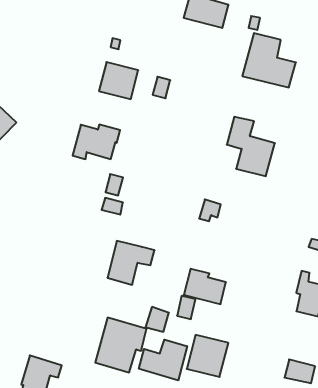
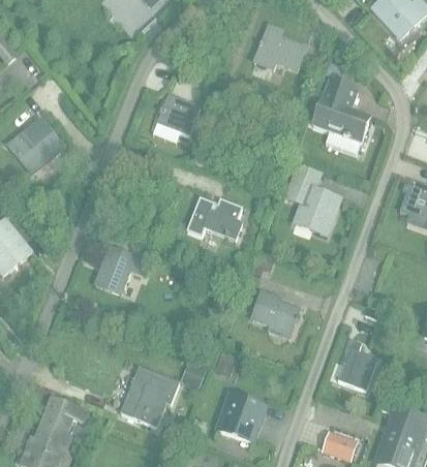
building: [73,125,120,159] -> [188,197,242,238]
building: [107,241,155,285] -> [95,246,149,294]
building: [184,269,226,304] -> [252,291,299,333]
building: [139,340,187,380] -> none

